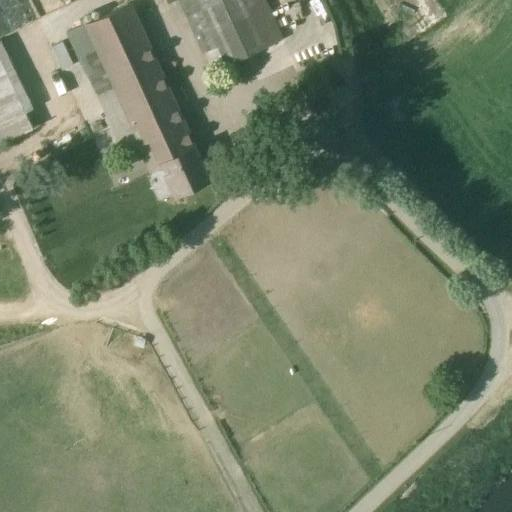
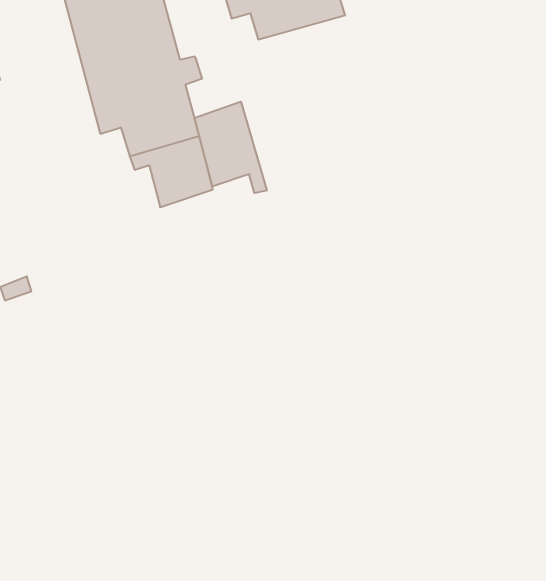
building: none -> [195,102,267,193]

